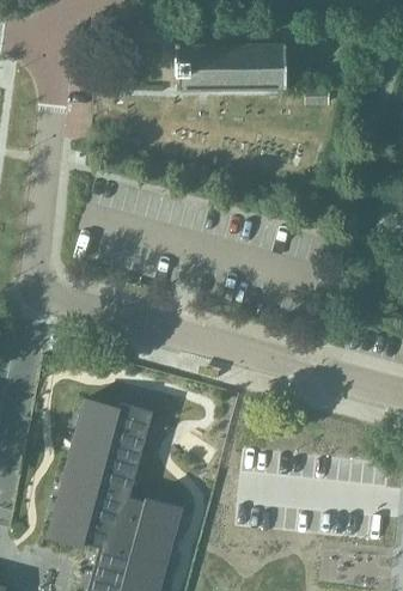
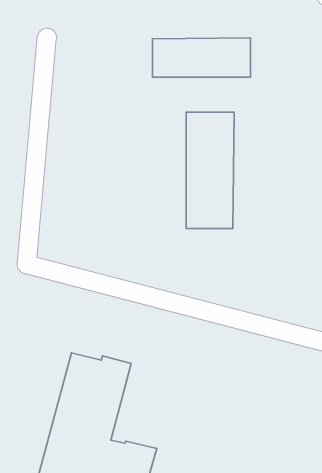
building: none -> [186,112,234,229]

